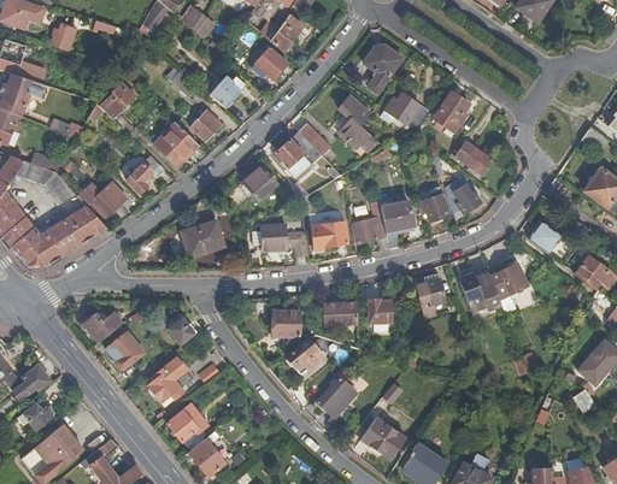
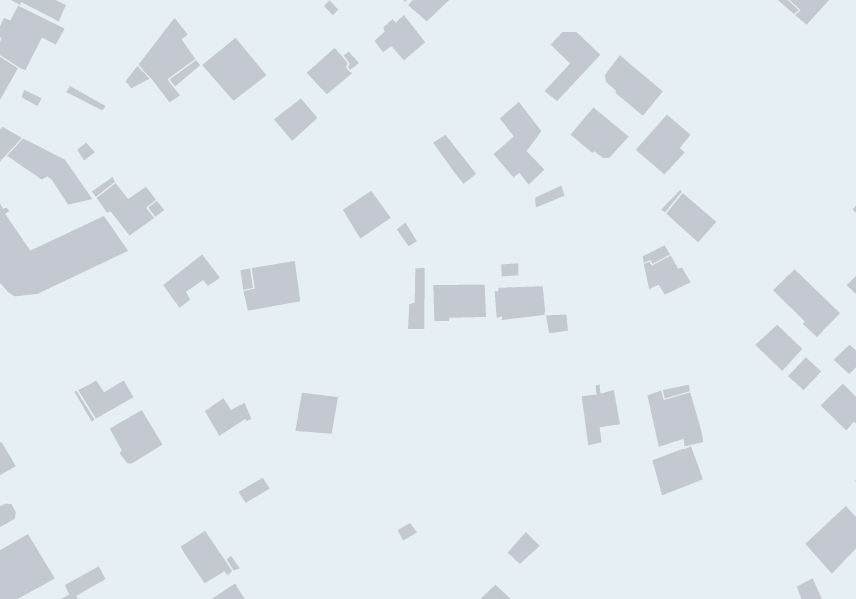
building: none -> [604,54,664,117]
building: [153,122,198,165] -> [201,37,267,102]
building: [274,132,316,173] -> none
building: [127,155,165,194] -> [162,254,221,309]
building: none -> [772,268,841,338]
building: [419,193,449,222] -> none
building: [381,202,410,232] -> none
building: [262,225,287,249] -> none
building: [490,264,527,300] -> [651,445,704,496]
building: [369,300,393,324] -> none
building: [324,301,358,324] -> none
building: [274,311,300,337] -> [295,392,339,434]
building: [286,346,327,374] -> none
building: [148,358,194,402] -> none
building: [316,377,355,417] -> none

